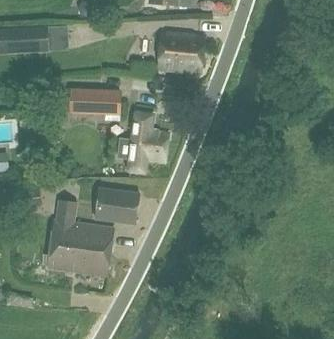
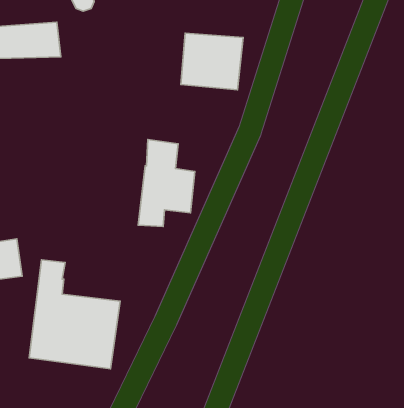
building: [69,88,121,120] -> none
building: [94,186,140,226] -> none

